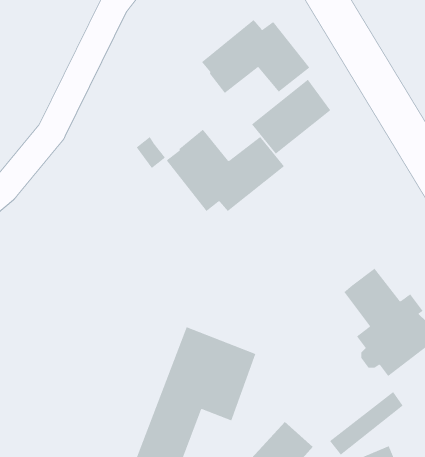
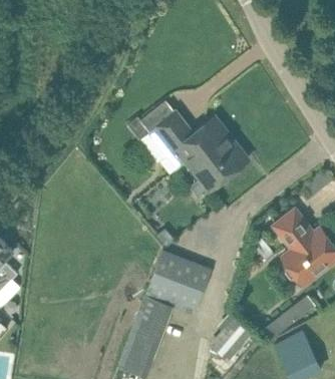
building: [201,19,310,94] -> none
building: [251,79,331,155] -> [192,137,248,191]

